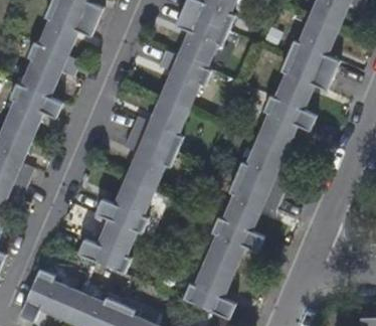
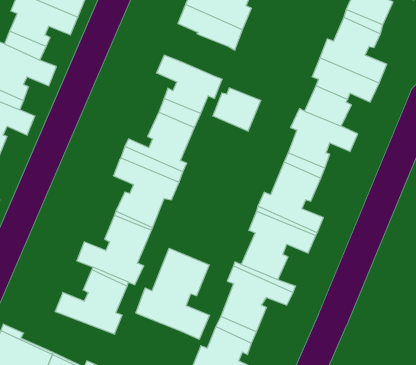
building: [177,36,215,70] -> [213,88,261,131]
building: none -> [136,248,209,339]

